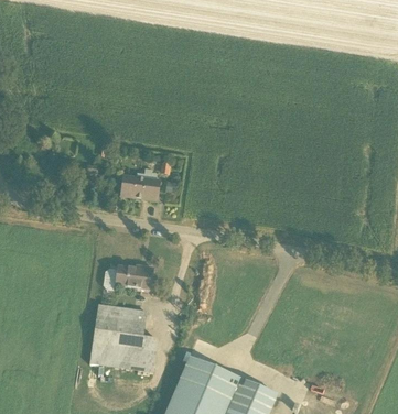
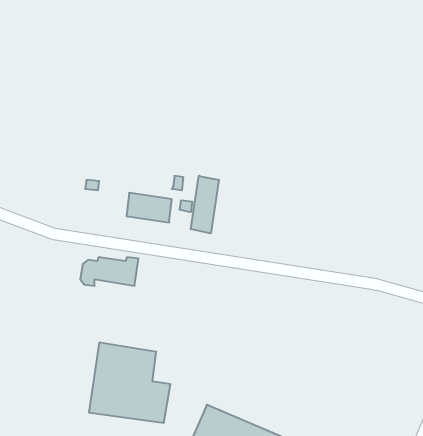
building: none -> [191,176,219,233]
building: [104,265,153,290] -> [80,257,139,286]

